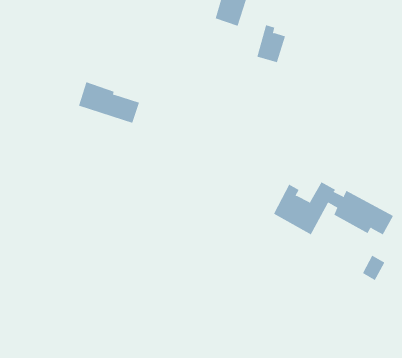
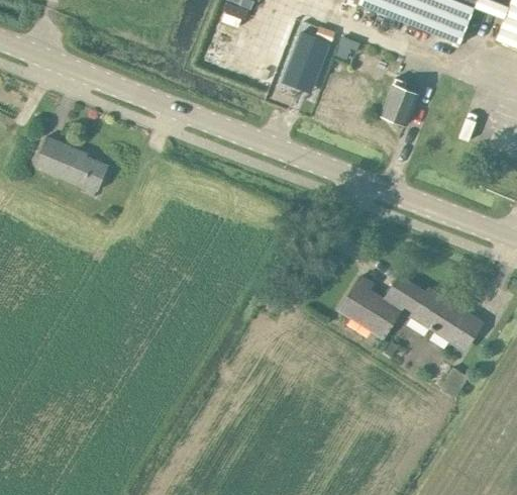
building: [257,25,286,63] -> [382,78,418,124]
building: [78,82,140,124] -> [34,136,108,190]

